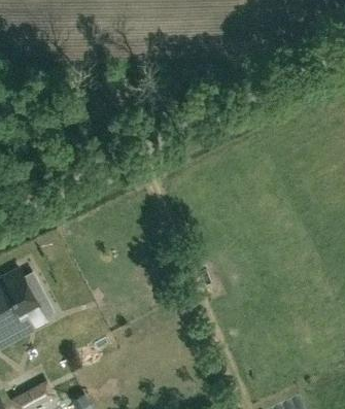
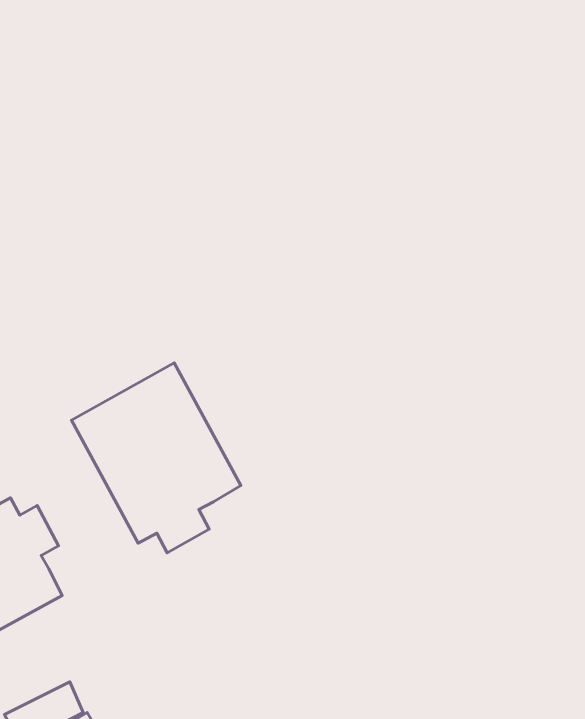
building: none -> [71,363,241,553]

